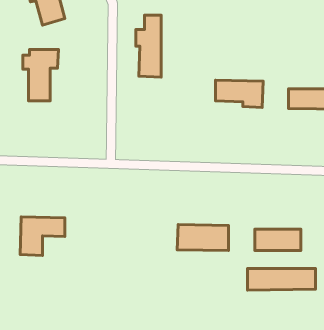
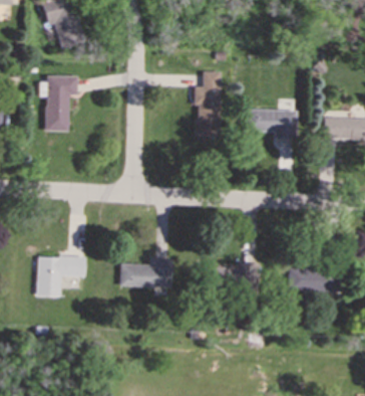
building: [136,15,161,77] -> [194,72,221,139]
building: none -> [120,260,172,287]
building: [247,269,316,290] -> none

